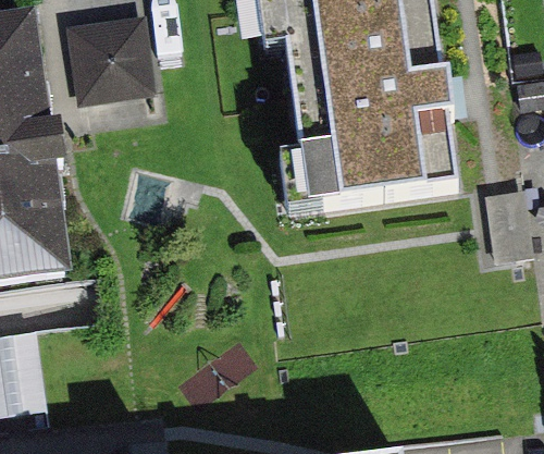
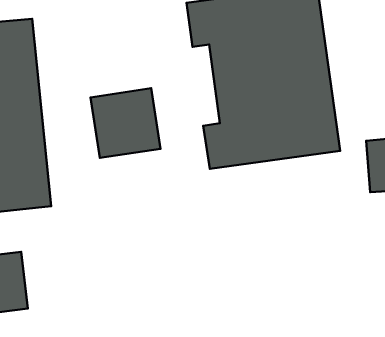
building: [62,17,153,109] -> [91,88,160,158]

